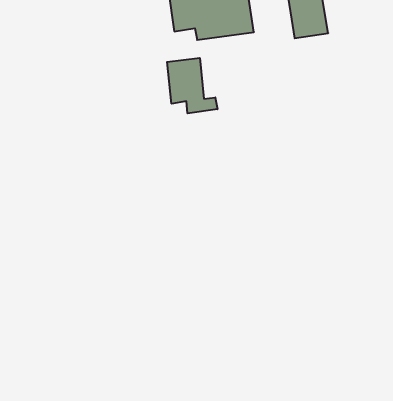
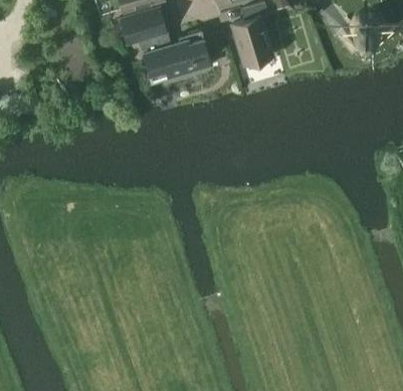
building: [167,58,217,113] -> none

